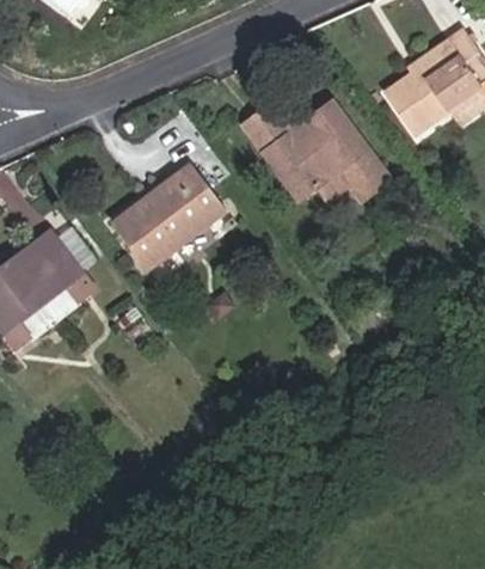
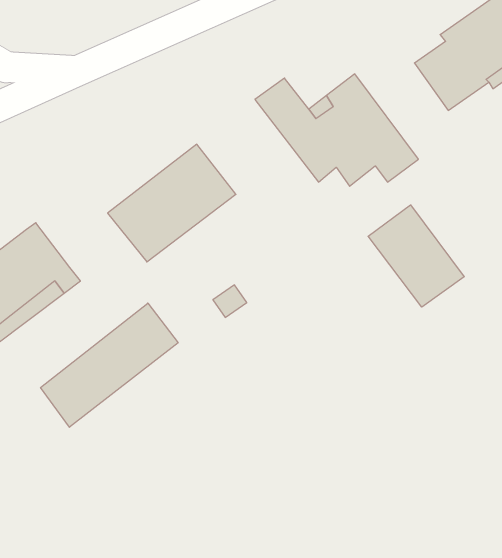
building: none -> [368,205,464,307]
building: none -> [41,303,178,427]

